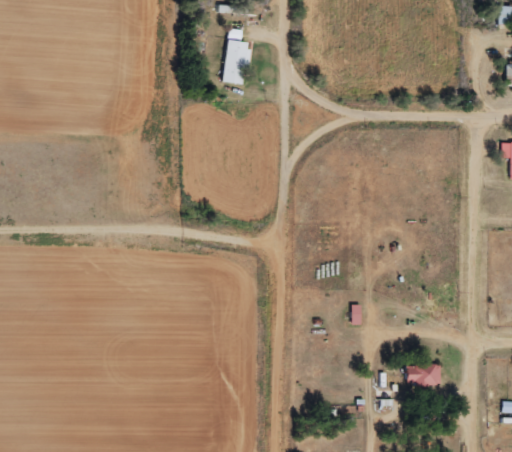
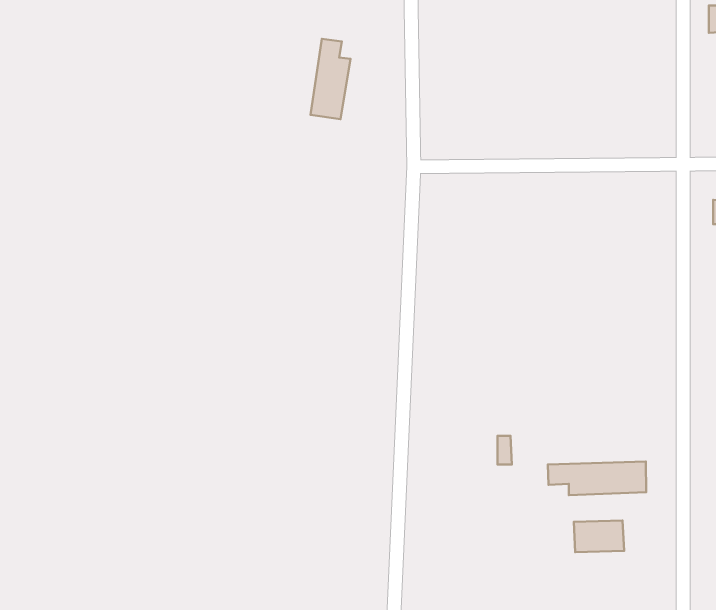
building: none -> [548,462,646,495]

